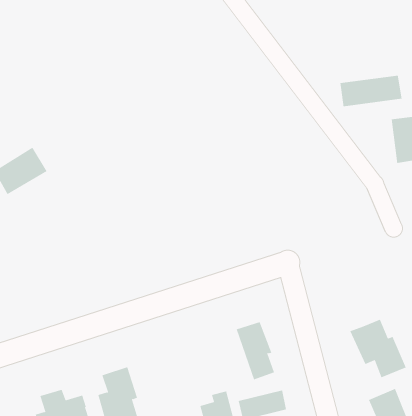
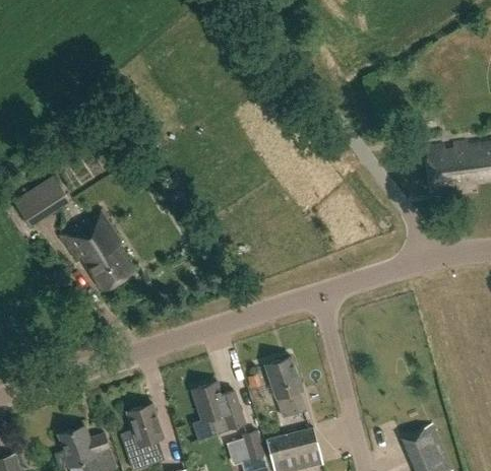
building: [340,75,402,107] -> none
building: none -> [63,211,133,290]
building: [350,319,407,378] -> none
building: none -> [190,383,246,441]

